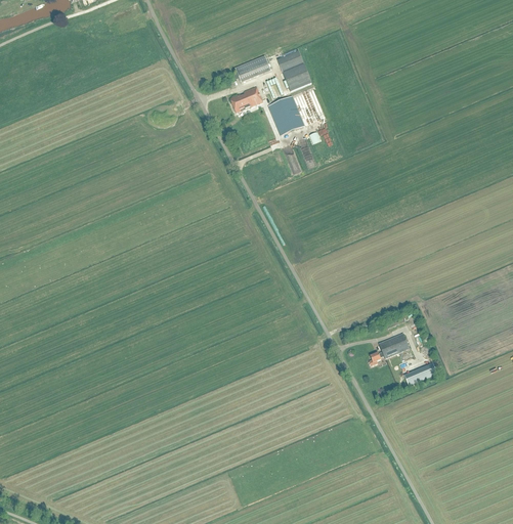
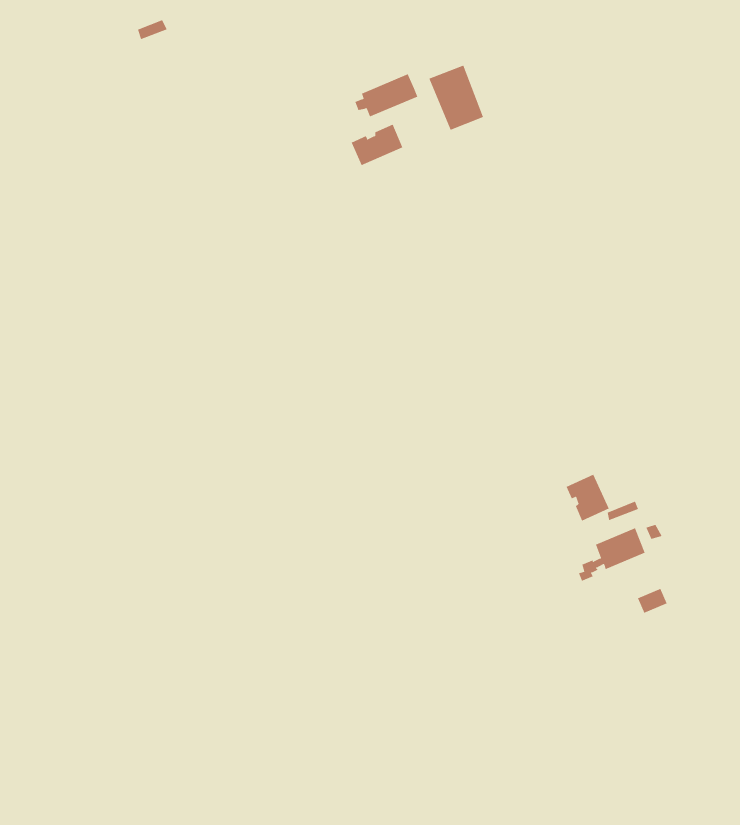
building: [268,95,304,134] -> none
building: none -> [566,474,609,522]

